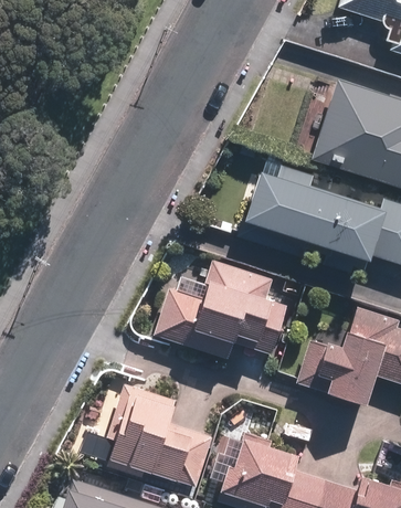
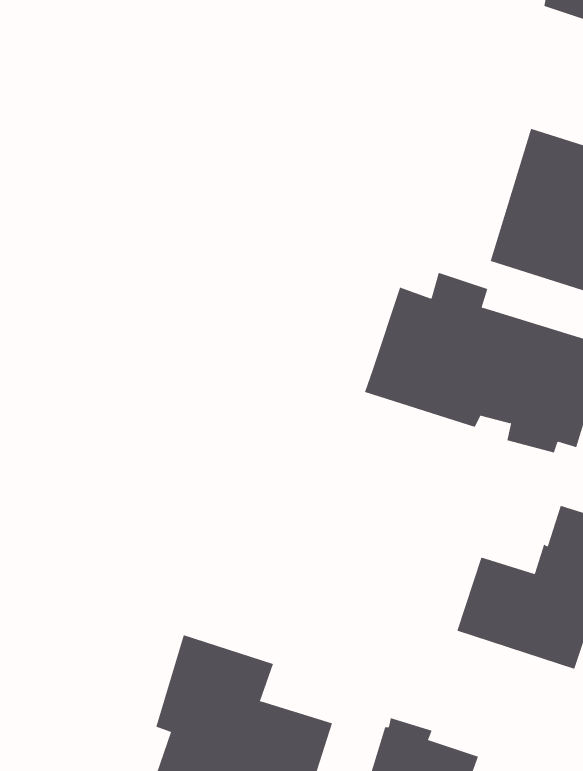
building: [150,258,286,358] -> none

